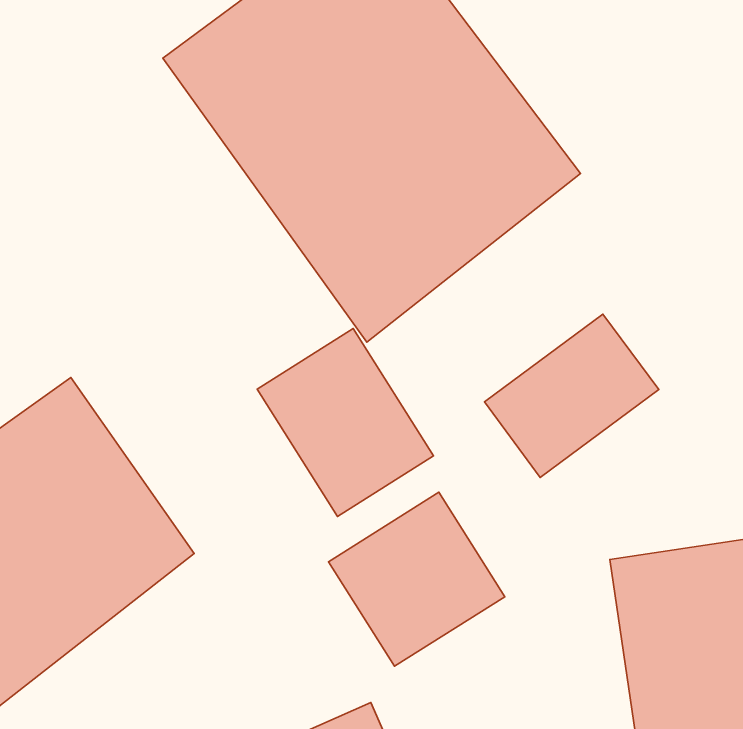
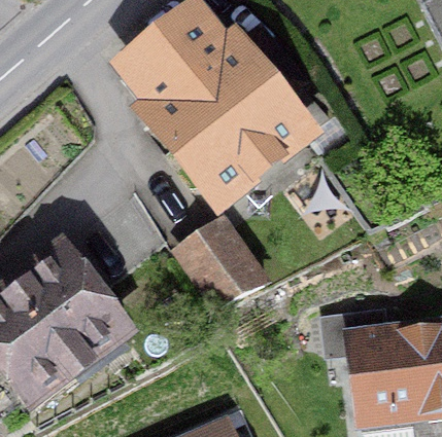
building: [484,314,659,477] -> none
building: [329,492,505,666] -> none

